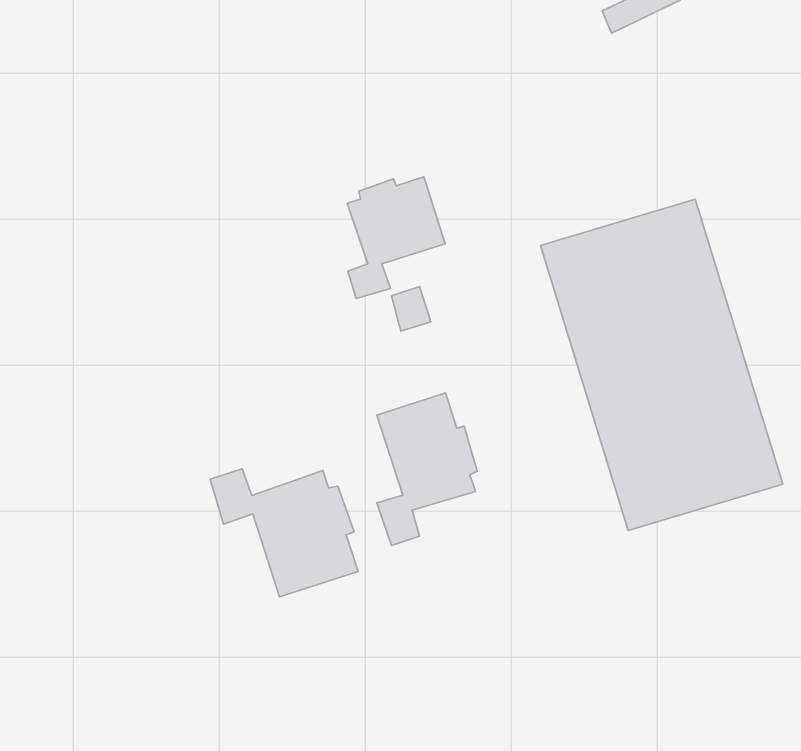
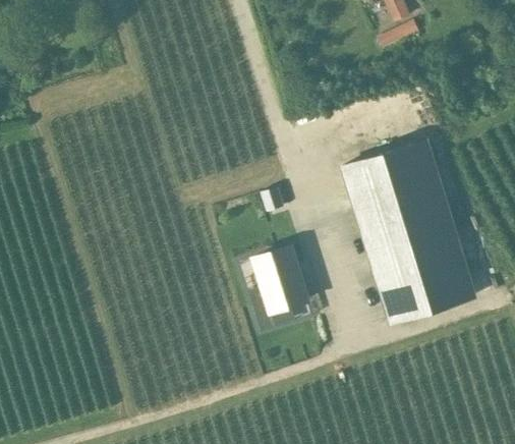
building: [347,177,445,299] -> none
building: [210,469,358,597] -> none

